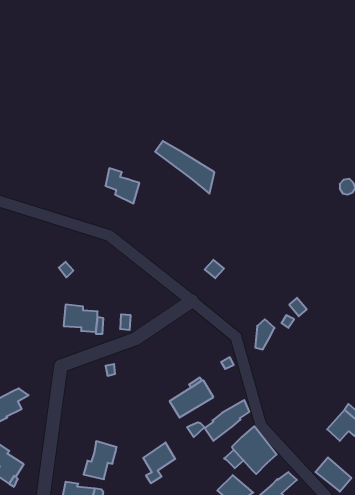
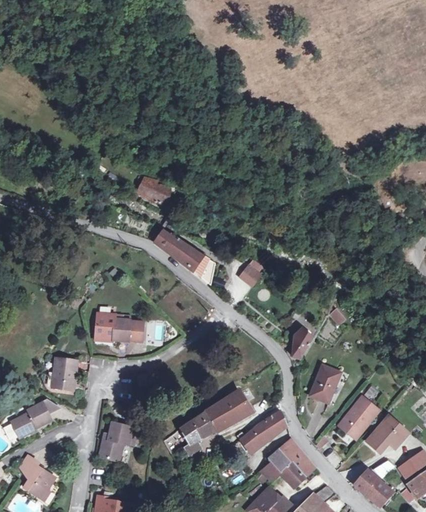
building: [155,141,214,194] -> [154,231,215,285]
building: none -> [52,358,77,389]
building: none -> [309,365,340,402]
building: none -> [338,397,378,439]
building: [83,441,117,479] -> [98,422,132,461]
building: [143,442,175,483] -> [181,412,214,454]

